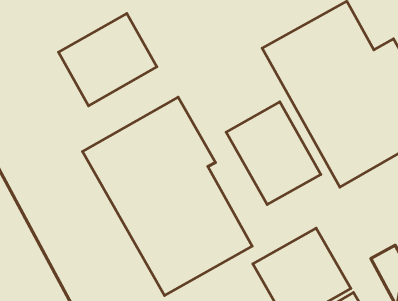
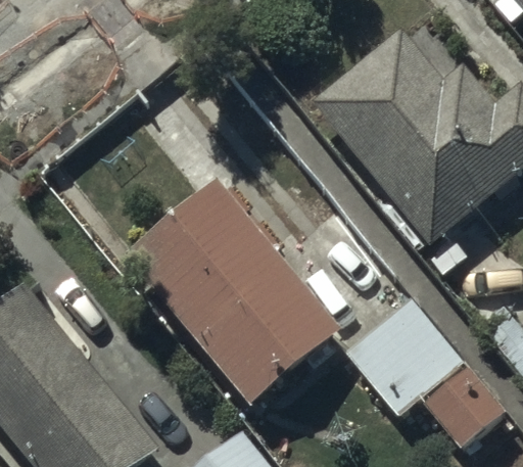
building: [59,13,157,106] -> none
building: [226,102,321,204] -> none

